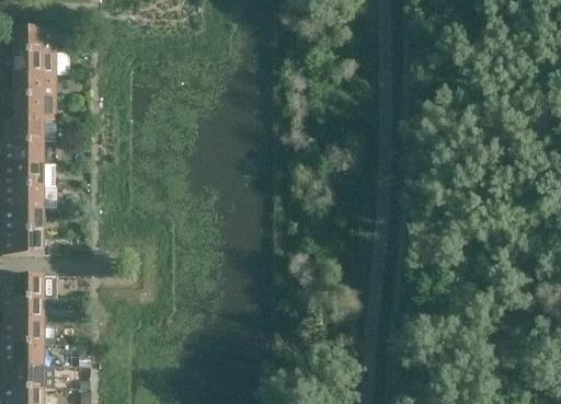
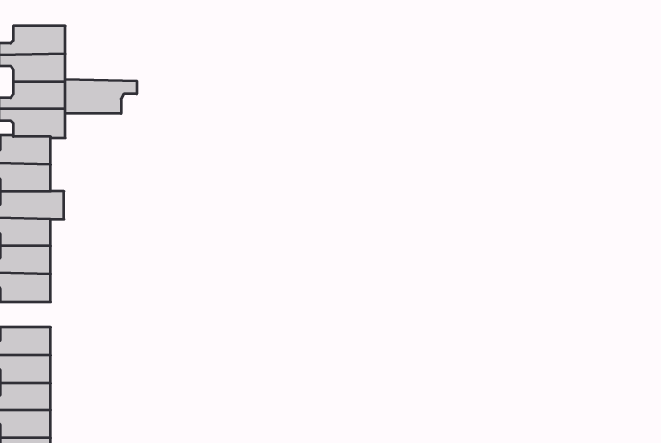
building: none -> [65,79,137,114]

